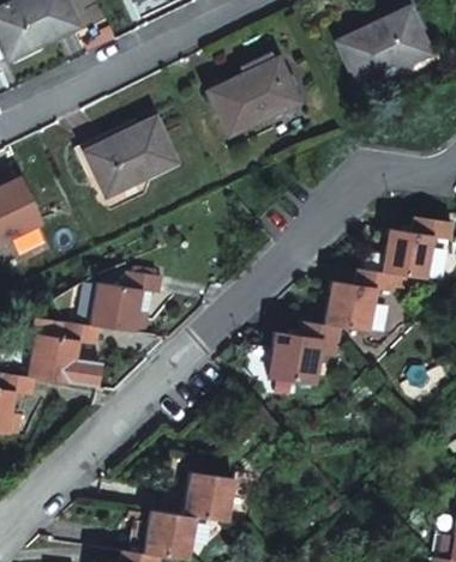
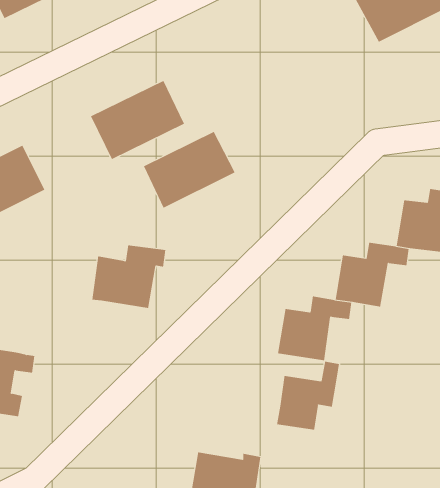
building: [215,56,304,131] -> [143,131,235,209]
building: [26,324,100,388] -> none
building: none -> [276,361,339,430]

